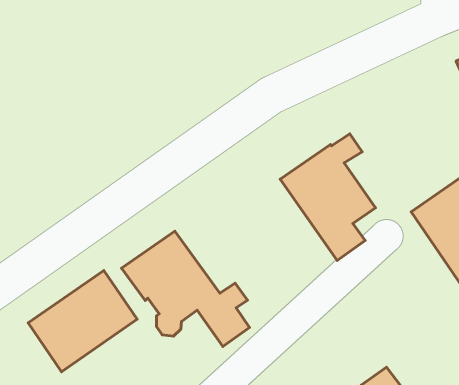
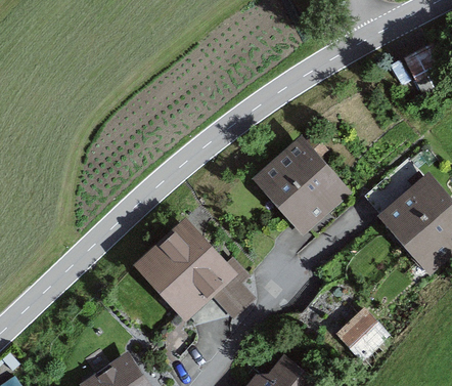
building: [28,270,137,372] -> none

